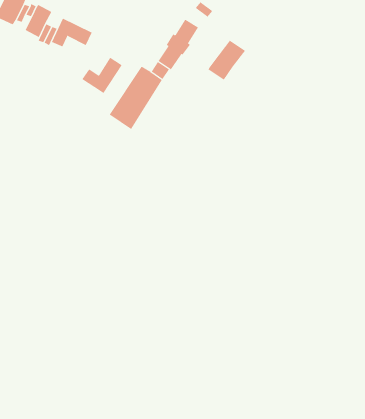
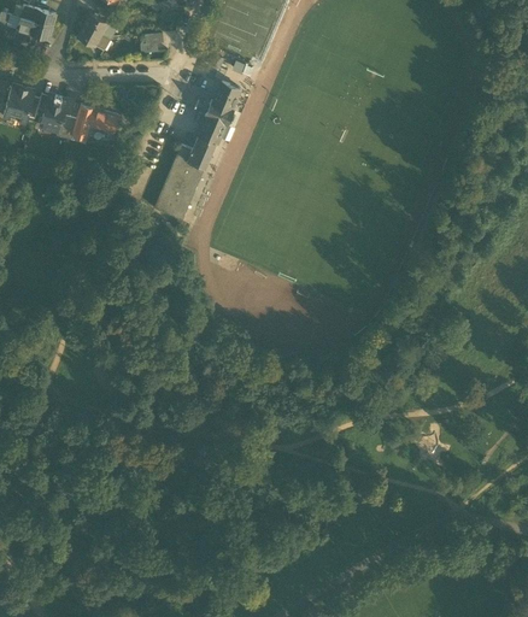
building: [208,40,246,81] -> none
building: [82,57,122,94] -> none

